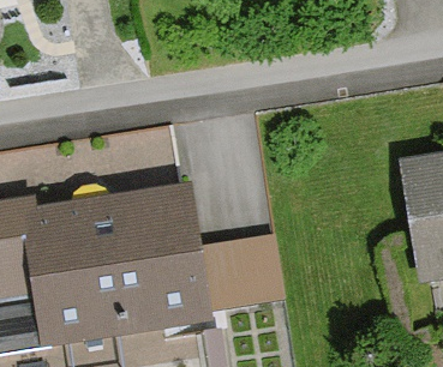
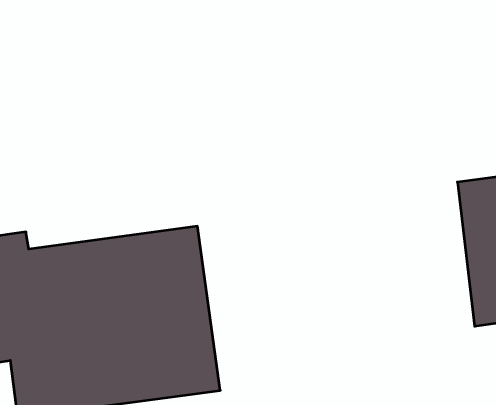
building: [204,239,289,315] -> none

